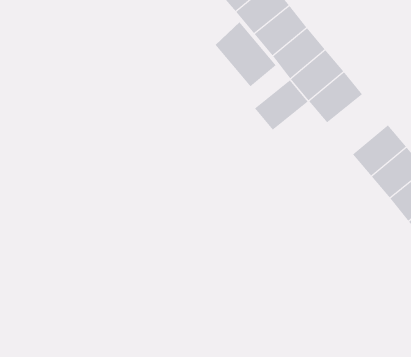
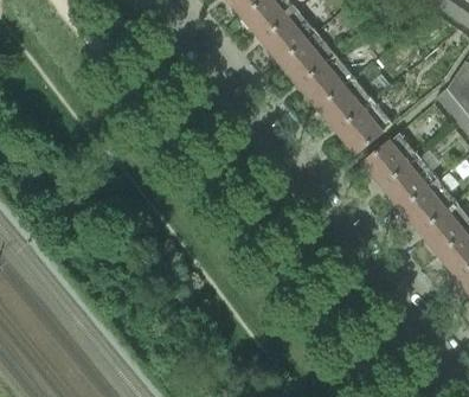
building: [215,21,276,87] -> none
building: [254,80,309,131] -> [335,102,391,154]

